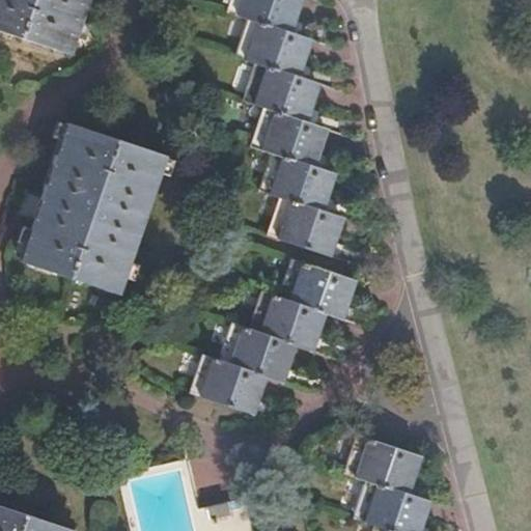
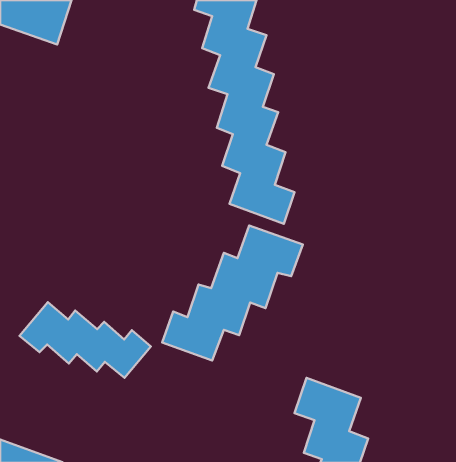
building: [25,122,169,297] -> none
building: none -> [20,302,151,378]

